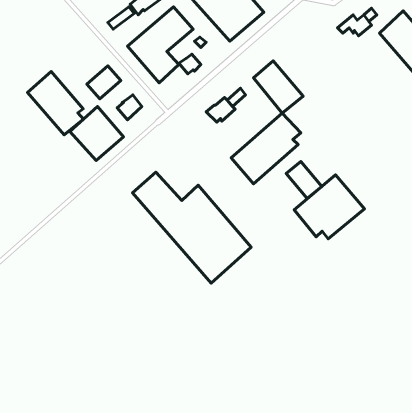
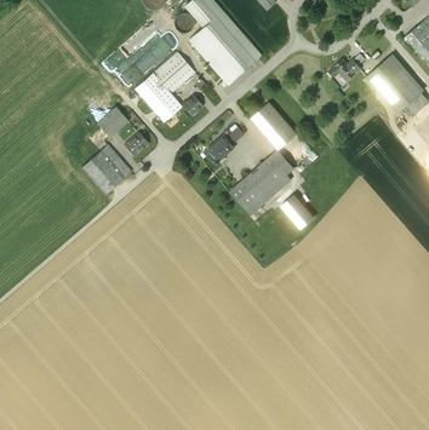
building: [27,71,83,135] -> none
building: [133,172,251,283] -> none
building: [294,175,365,239] -> none

